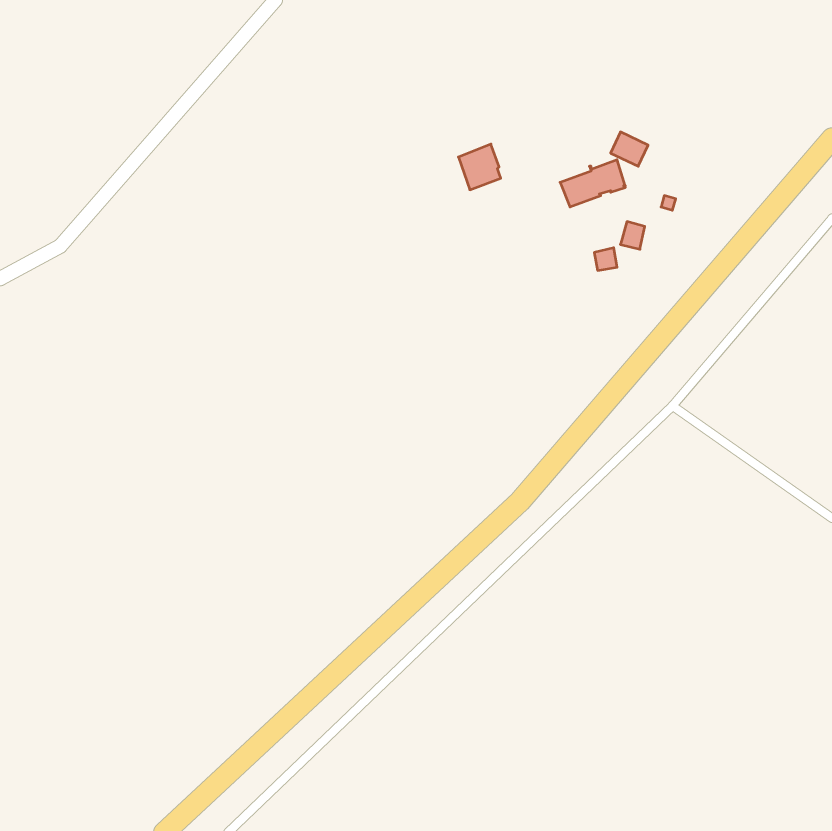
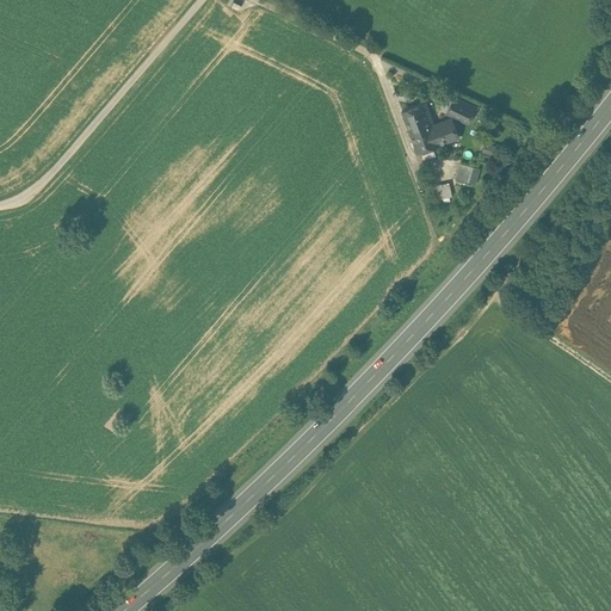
building: [458,144,501,190] -> [402,101,433,135]

